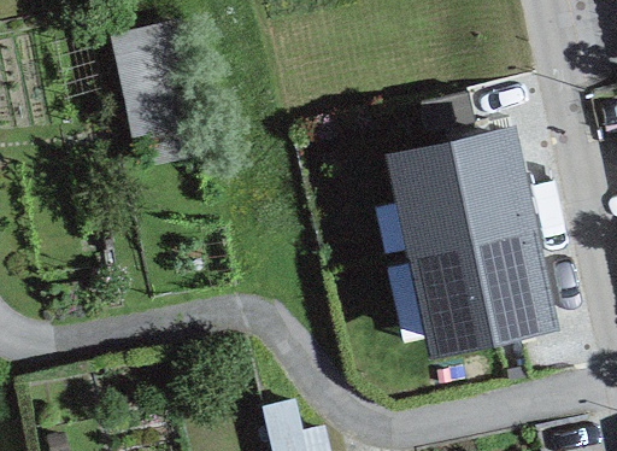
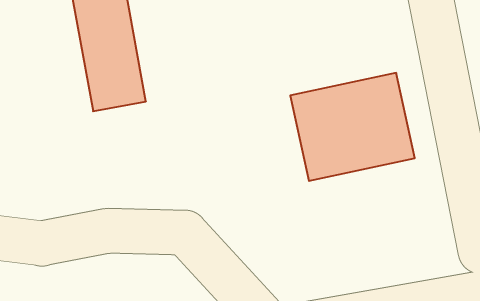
building: [405,232,557,359] -> none

